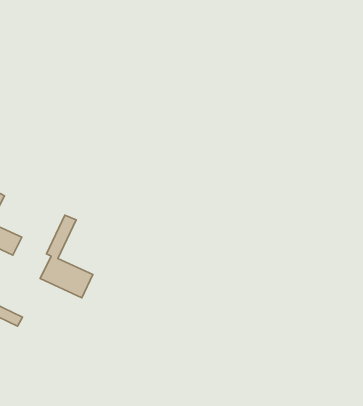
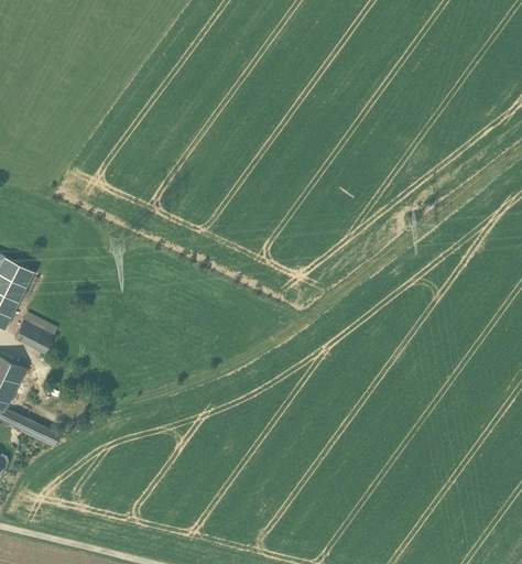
building: [40,215,93,298] -> none

